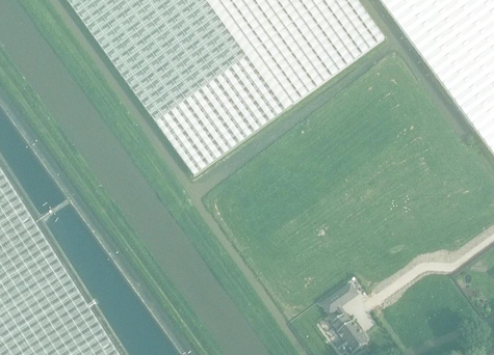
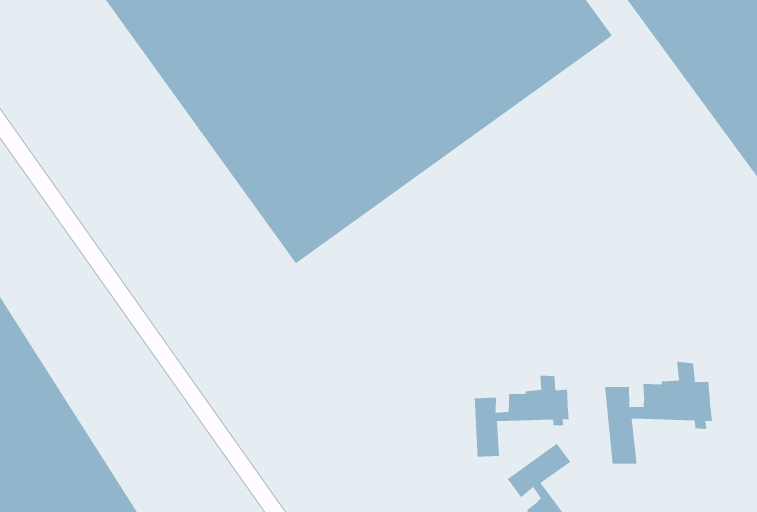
building: none -> [604,361,712,465]
building: none -> [474,375,569,457]

